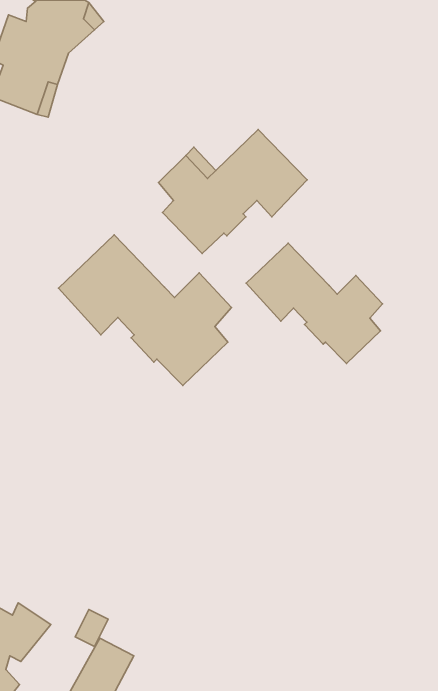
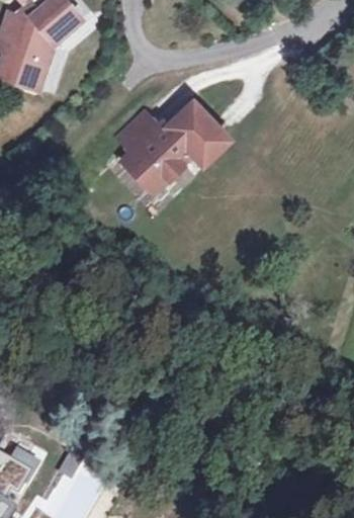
building: [59,235,232,385] -> none
building: [246,243,382,363] -> none

